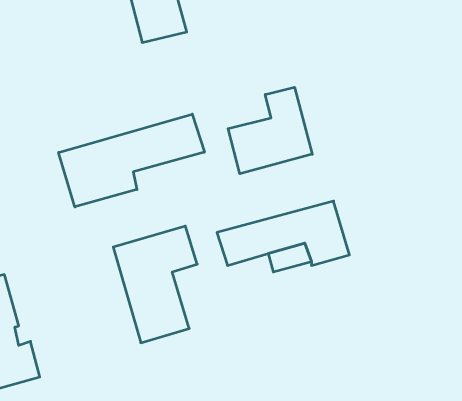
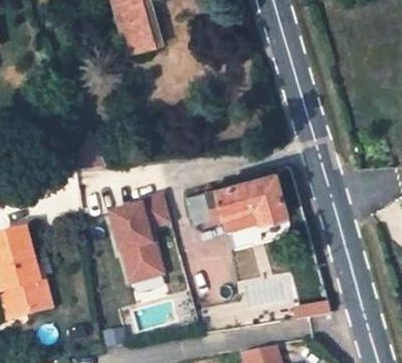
building: [228,87,312,174] -> none
building: [59,114,204,207] -> none

